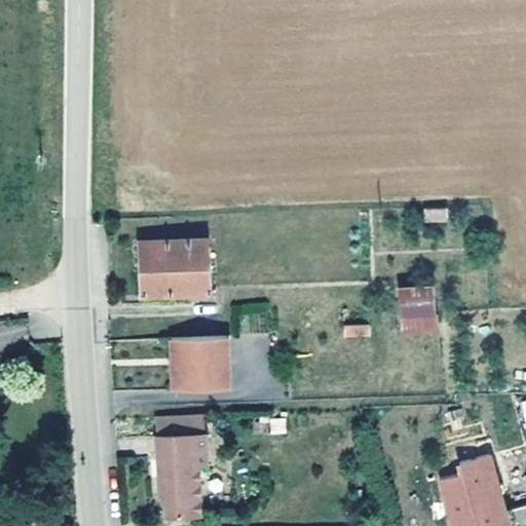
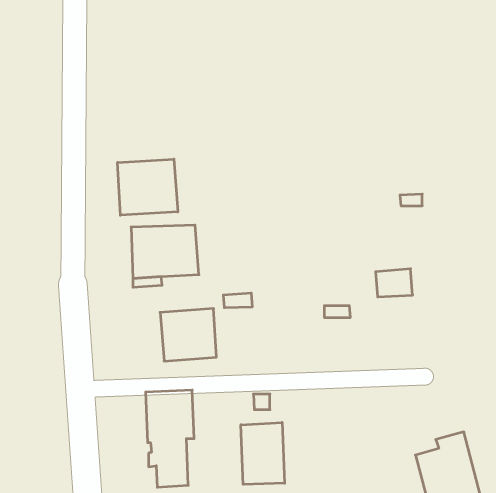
building: none -> [118,159,178,215]
building: none -> [241,422,285,484]

